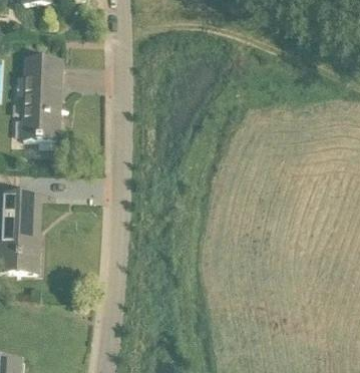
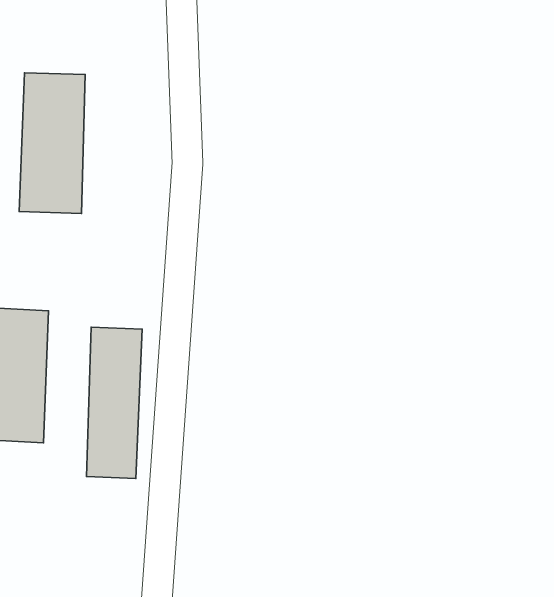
building: none -> [86,327,142,478]

